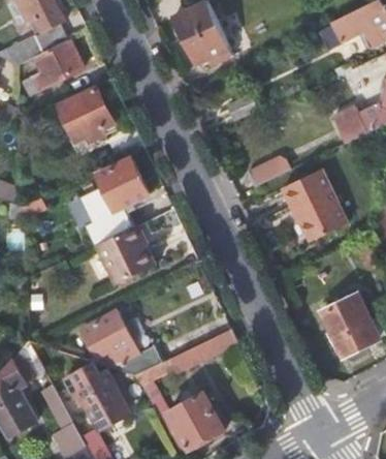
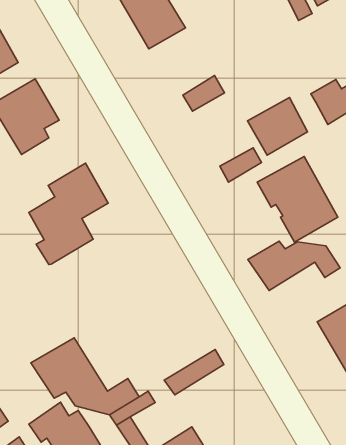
building: none -> [248,97,308,155]
building: [97,224,156,283] -> none
building: none -> [248,241,340,291]

